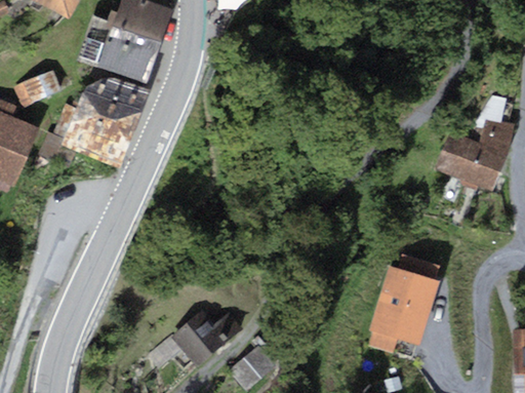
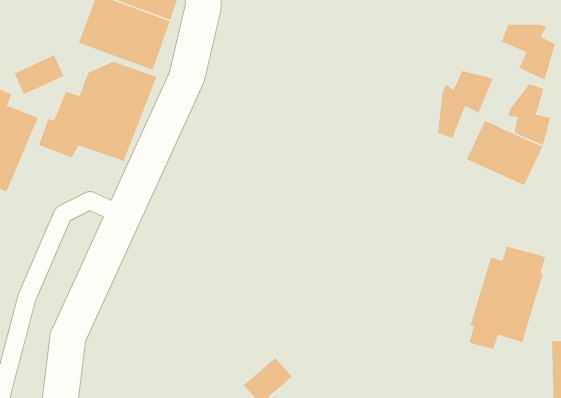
building: none -> [501,24,556,81]
building: none -> [437,70,494,139]
building: [369,253,441,350] -> [468,246,546,350]
building: [171,313,240,367] -> none

